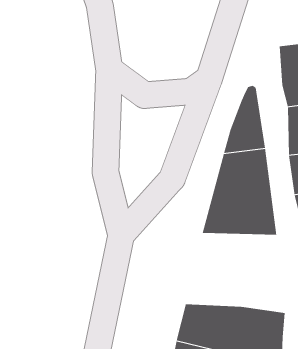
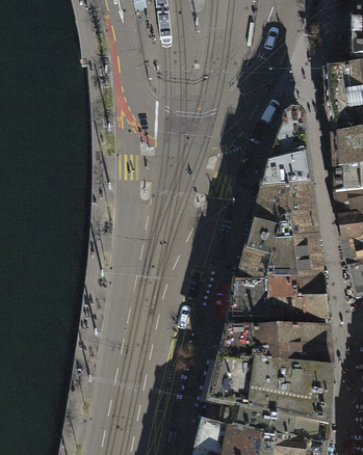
building: none -> [230,278,327,320]
building: none -> [221,325,333,368]

